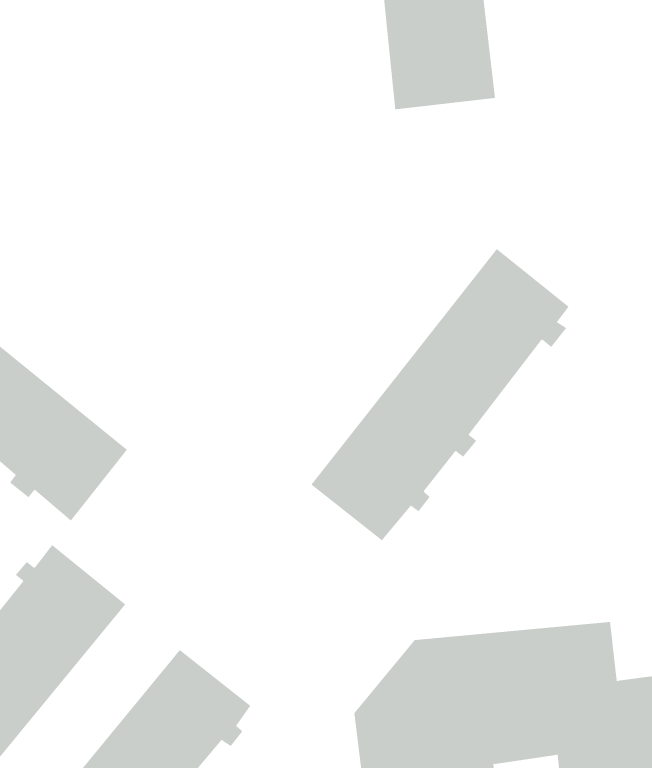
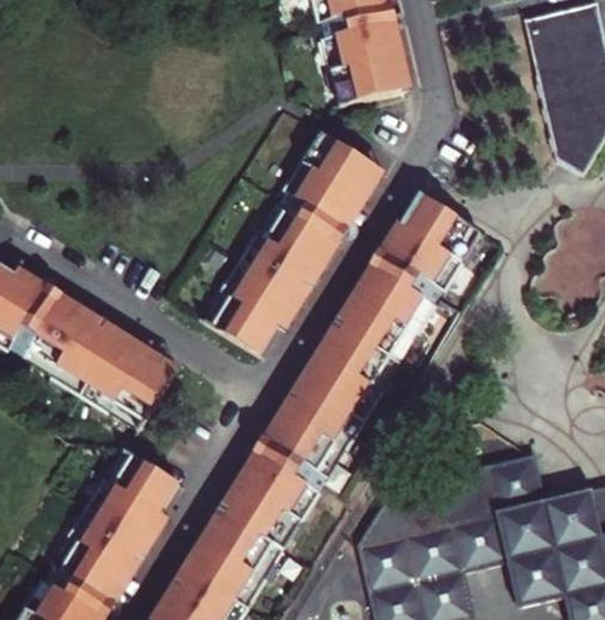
building: none -> [204,130,382,355]
building: none -> [227,381,365,547]

